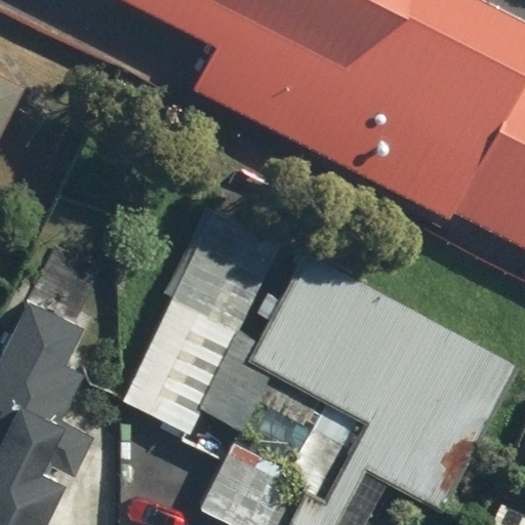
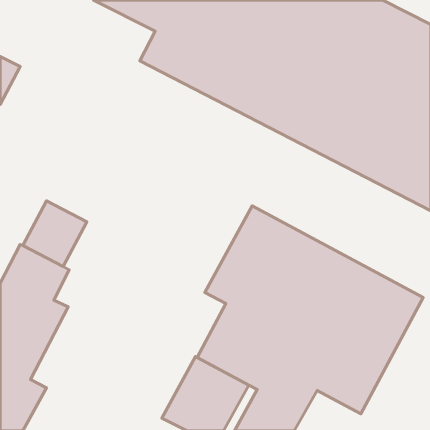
building: [120,205,281,435] -> none

